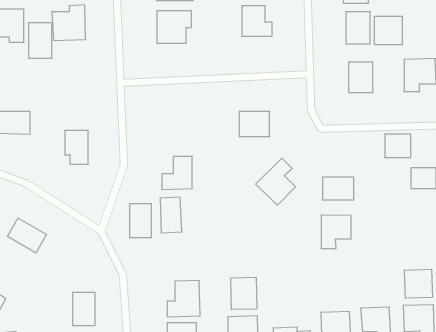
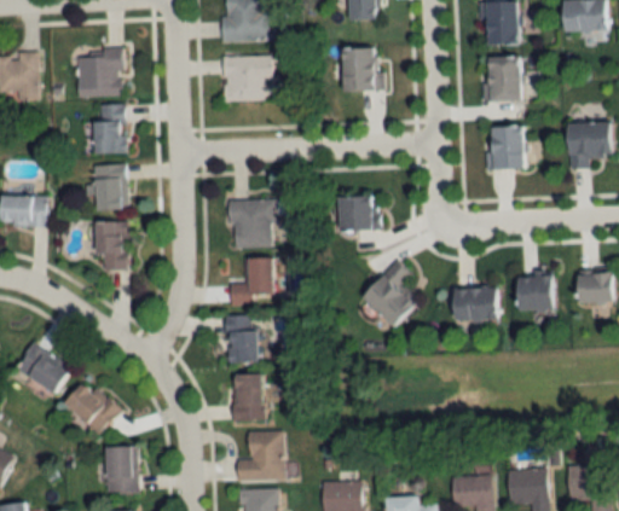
building: [375,16,402,45] -> none
building: [28,23,52,58] -> [94,104,127,153]
building: none -> [93,166,127,210]
building: none -> [228,199,274,248]
building: [385,134,411,158] -> [516,277,553,309]
building: [130,204,151,238] -> [231,376,261,423]
building: [321,215,351,249] -> none
building: none -> [63,385,121,436]
building: [405,269,432,298] -> none
building: [231,277,257,310] -> none

